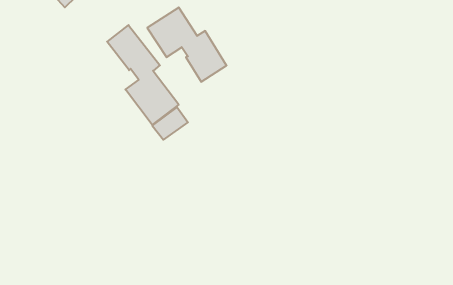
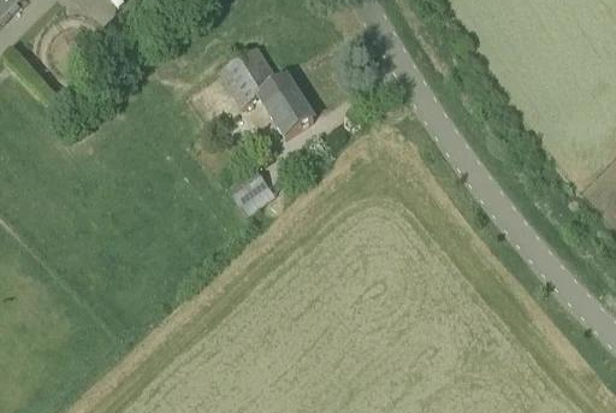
building: [107,25,179,125] -> none

